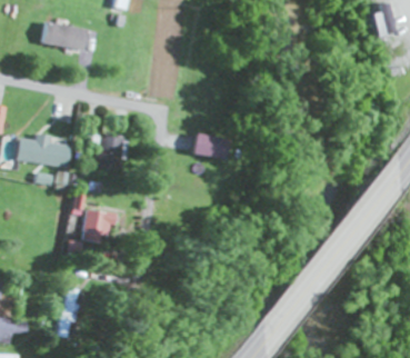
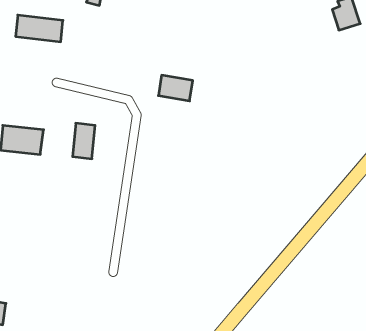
building: [184,132,220,159] -> [158,75,193,101]
building: [81,209,111,243] -> none

